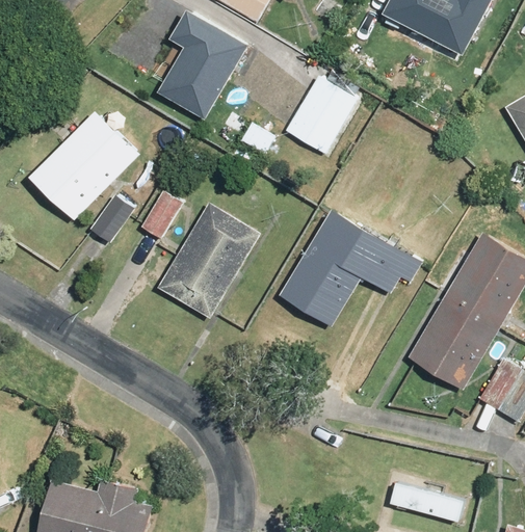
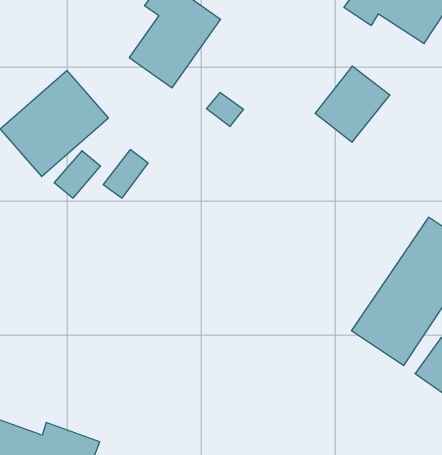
building: [285,76,361,155] -> [315,66,390,142]
building: [156,203,261,320] -> none
building: [281,208,421,324] -> none

